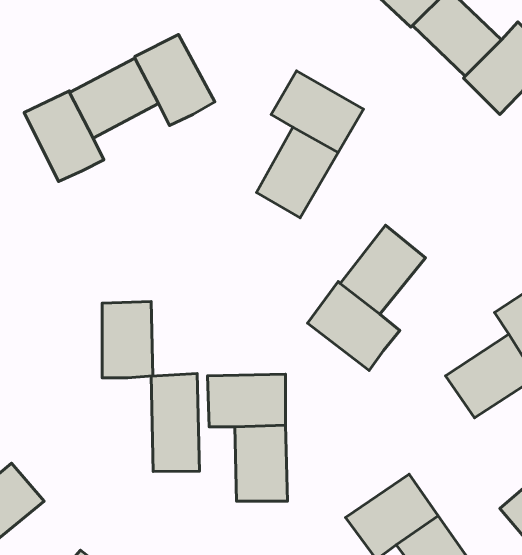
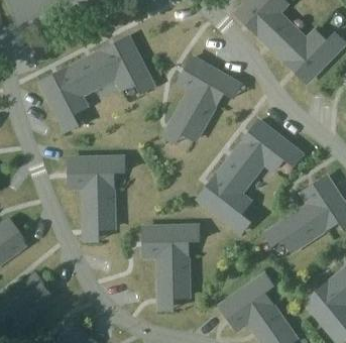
building: none -> [241,122,293,170]
building: none -> [69,158,112,188]
building: [151,373,199,472] -> none

